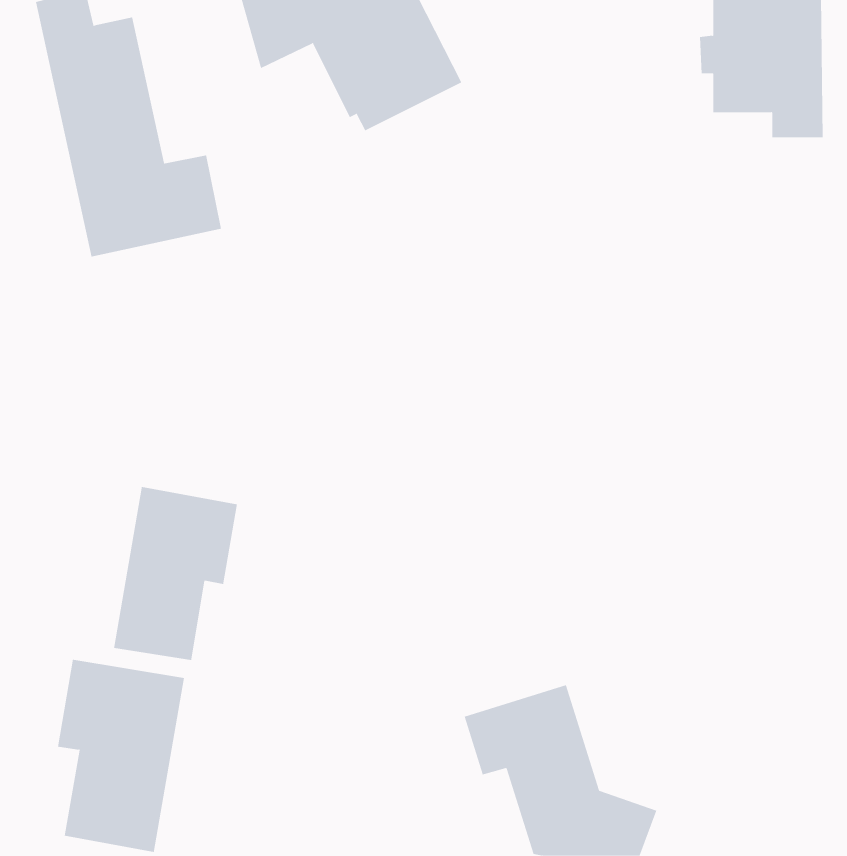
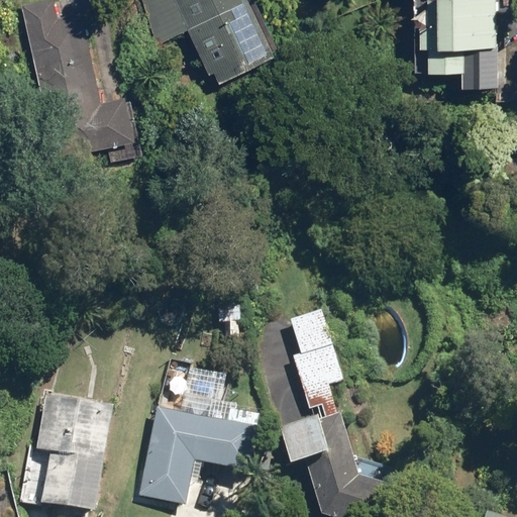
building: [113,486,237,661] -> none
building: none -> [291,308,342,401]
building: none -> [137,406,260,503]

